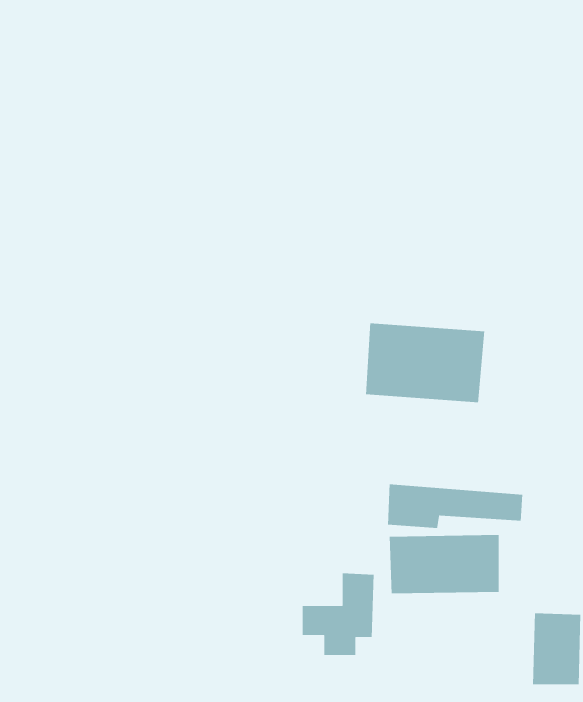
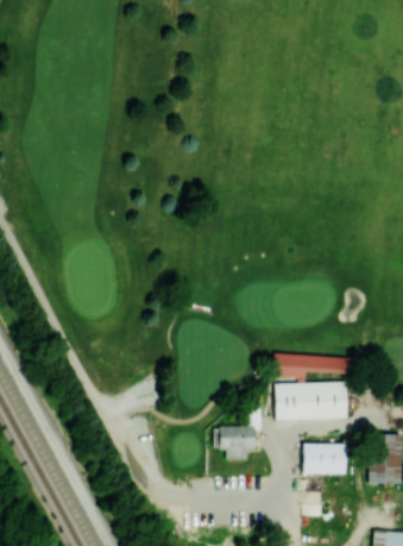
building: [365,323,485,403] -> none
building: none -> [306,443,346,472]

